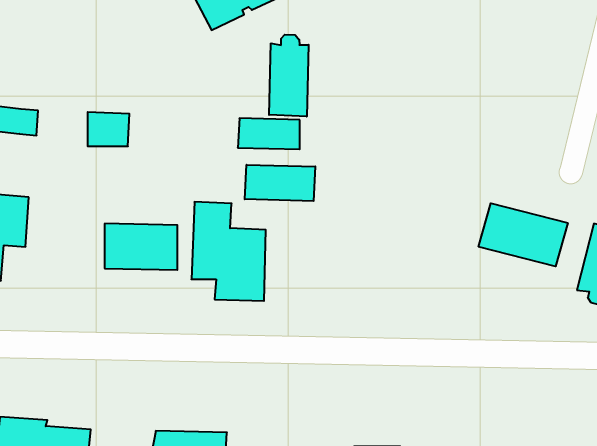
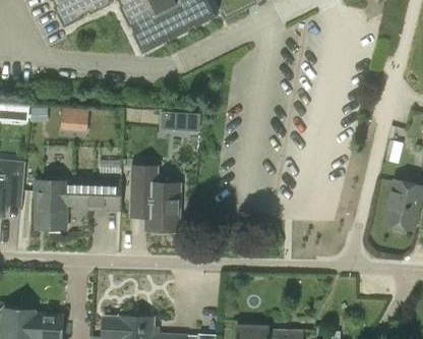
building: [269,35,309,117] -> none
building: [245,165,315,201] -> none
building: [479,203,568,266] -> none
building: none -> [35,182,65,230]

